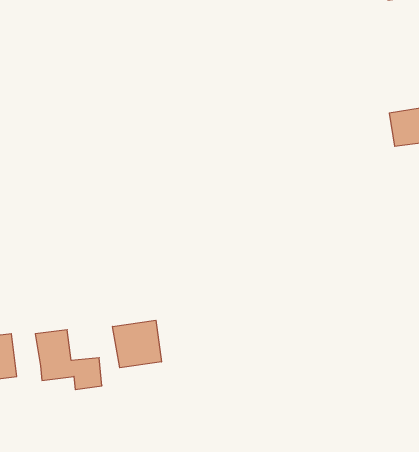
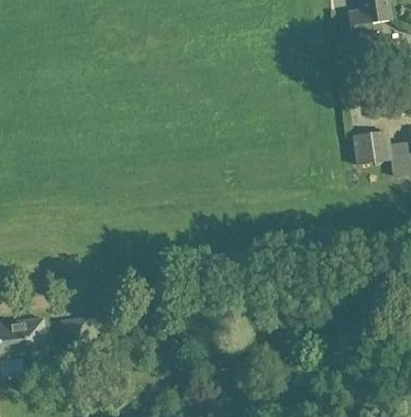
building: [113,320,161,368] -> none

